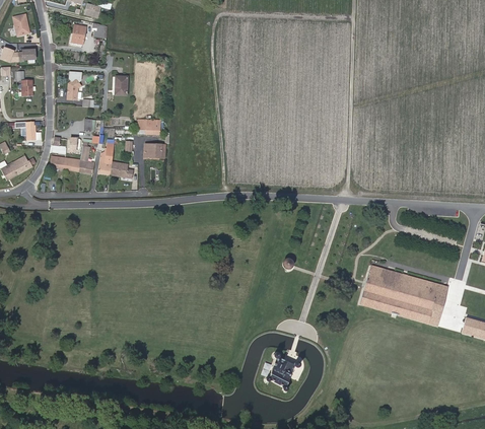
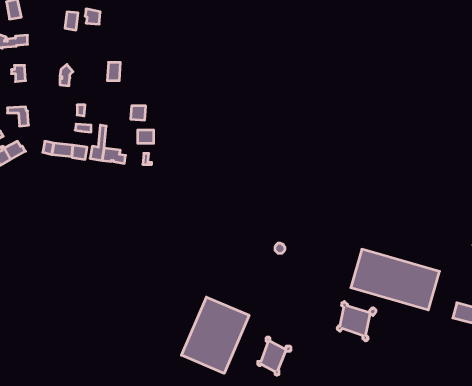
building: none -> [181,297,249,373]
building: none -> [337,301,376,341]

